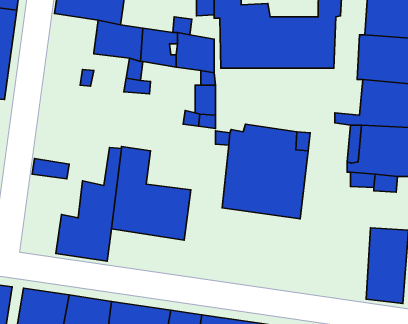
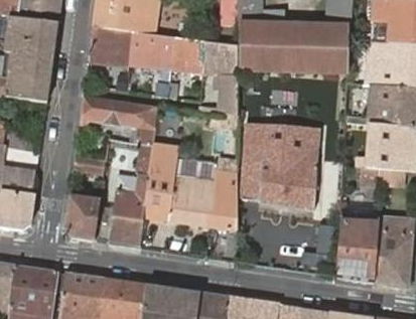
building: none -> [89,23,132,59]
building: none -> [80,94,159,145]
building: none -> [210,158,240,232]
building: none -> [64,195,100,240]
building: none -> [336,210,379,281]

